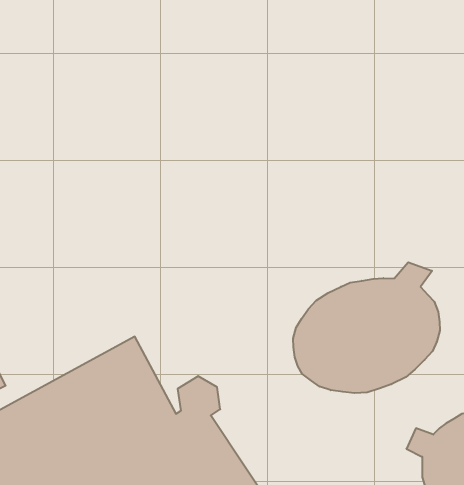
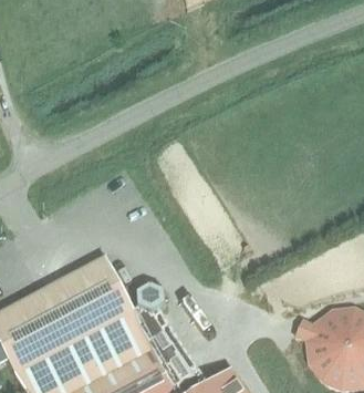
building: [293,262,440,393] -> none

